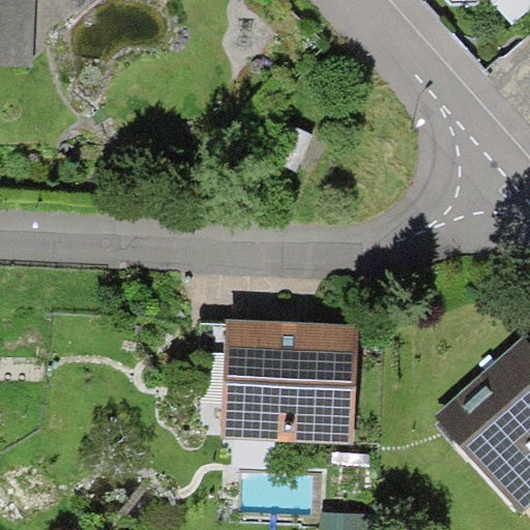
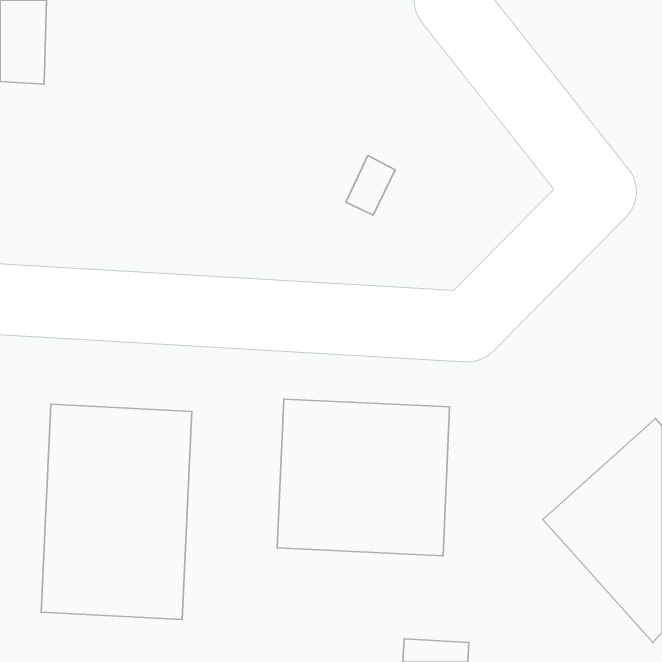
building: none -> [41,404,192,620]

